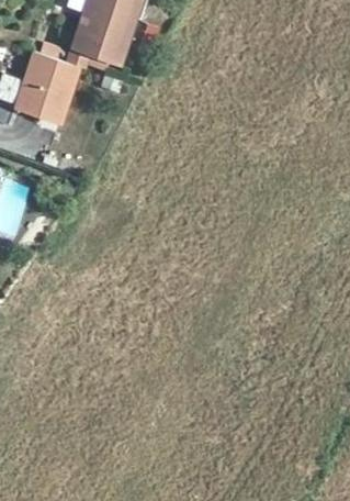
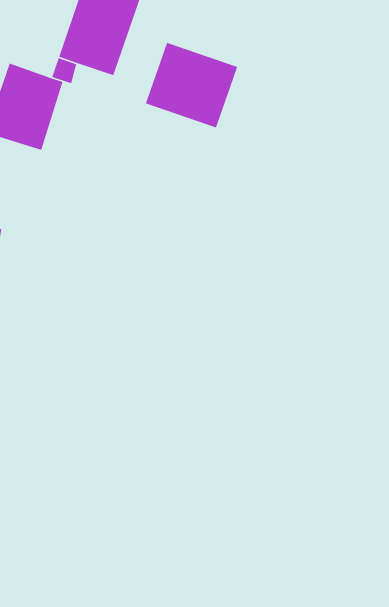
building: none -> [145,42,238,129]

